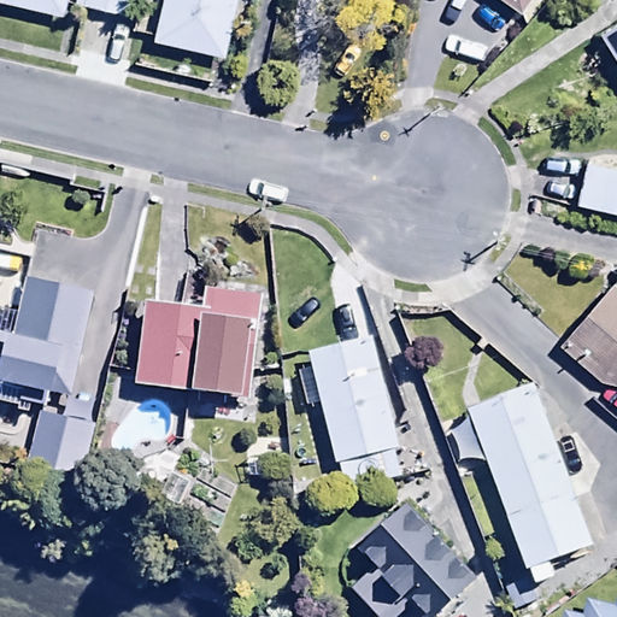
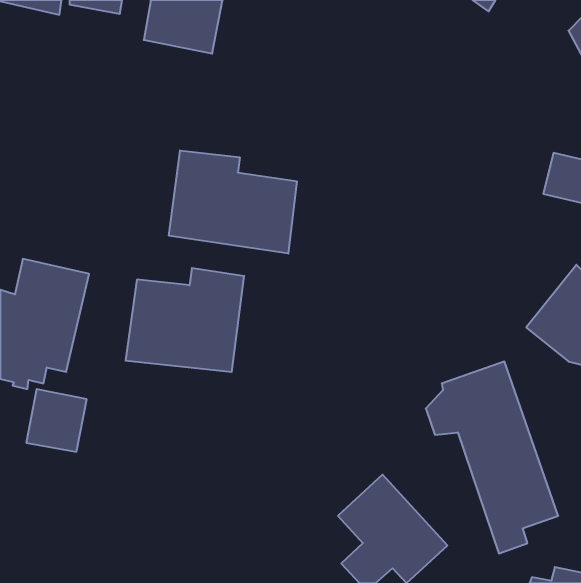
building: none -> [169,150,297,254]
building: [299,334,401,489] -> none

